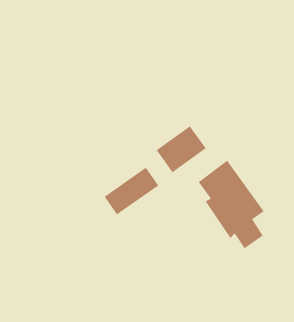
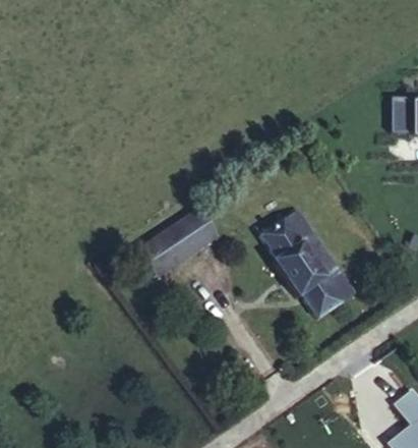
building: [156,126,207,173] -> none

